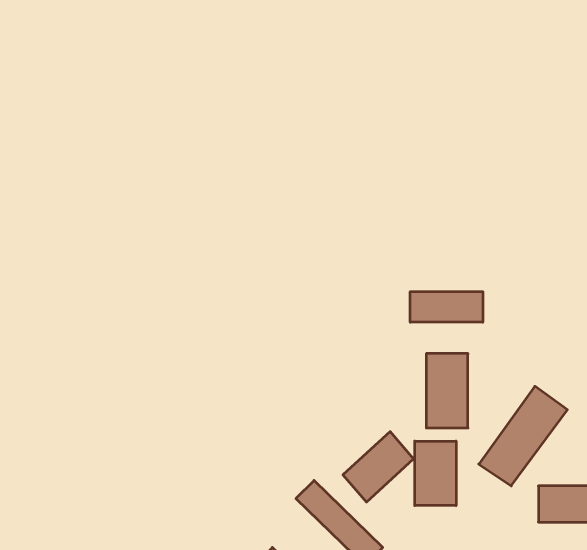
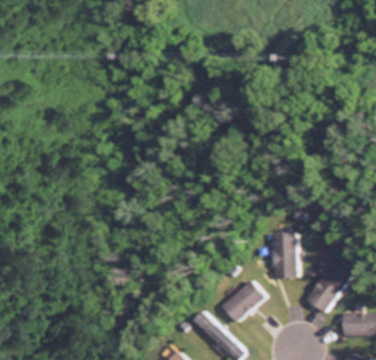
building: [410,292,483,322] -> none
building: [415,441,456,506] -> none

